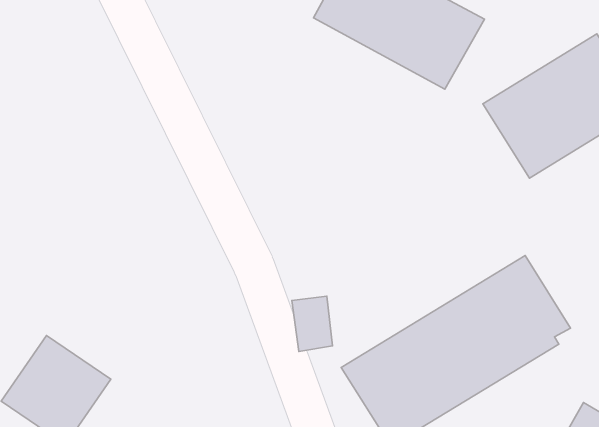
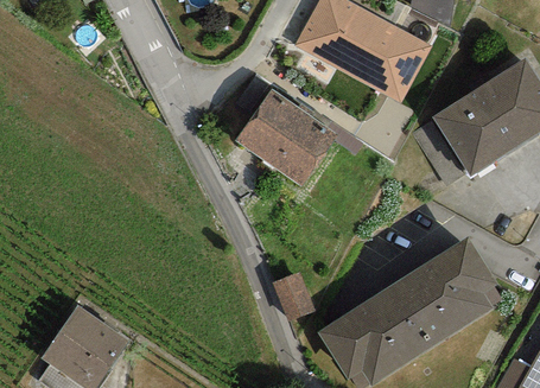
building: none -> [234,88,337,186]

